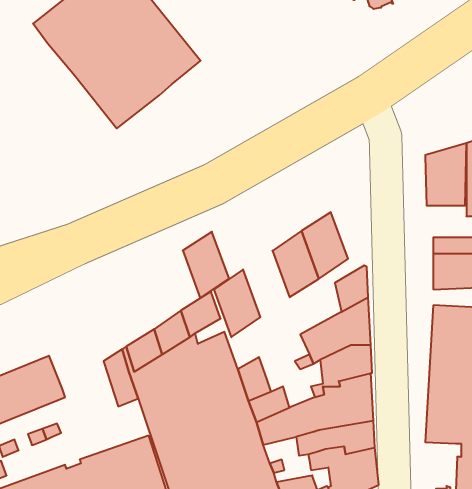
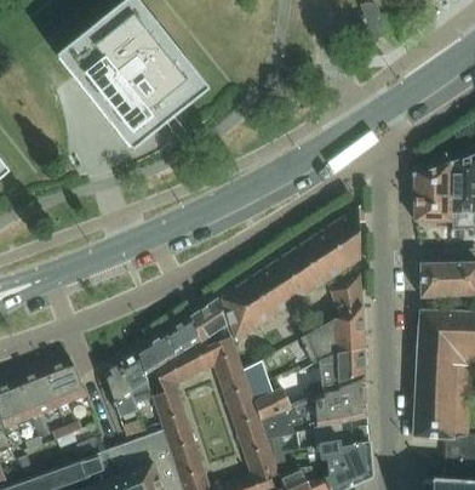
building: none -> [327,204,364,269]
building: [183,232,229,298] -> [247,262,290,323]
building: none -> [104,363,136,415]

